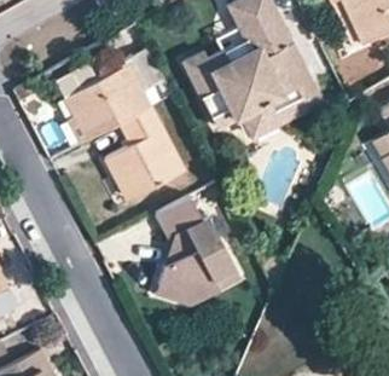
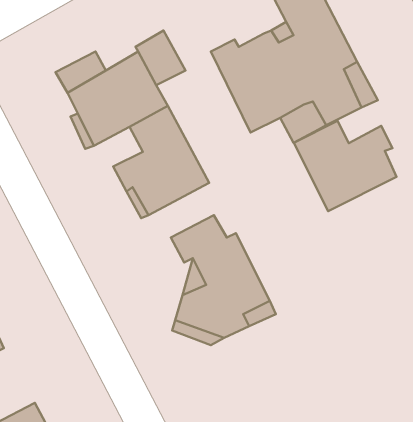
building: none -> [294,121,397,211]

